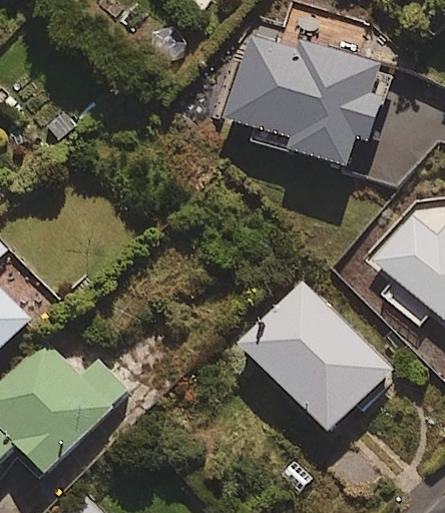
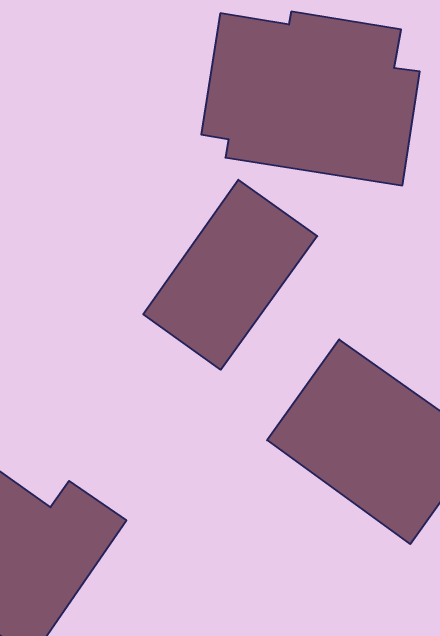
building: none -> [143,180,317,370]

